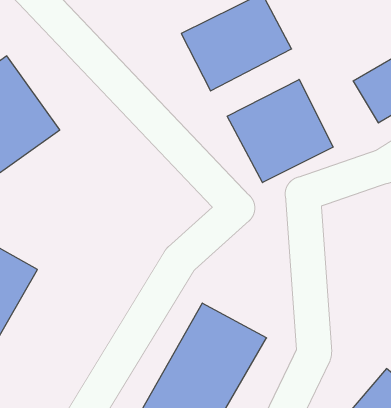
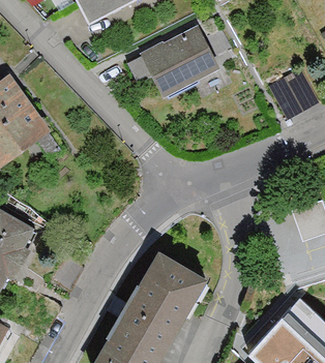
building: [227,79,333,183] -> none

